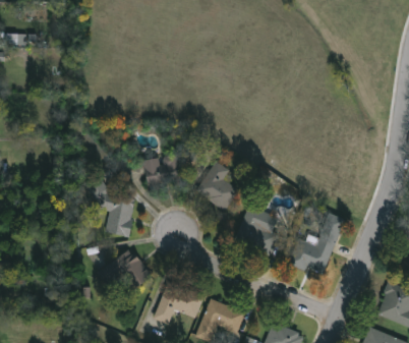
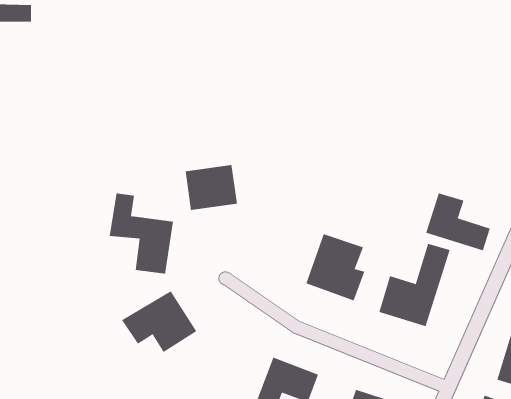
building: [195,160,238,211] -> none
building: none -> [425,192,490,251]
building: [155,280,205,323] -> none

